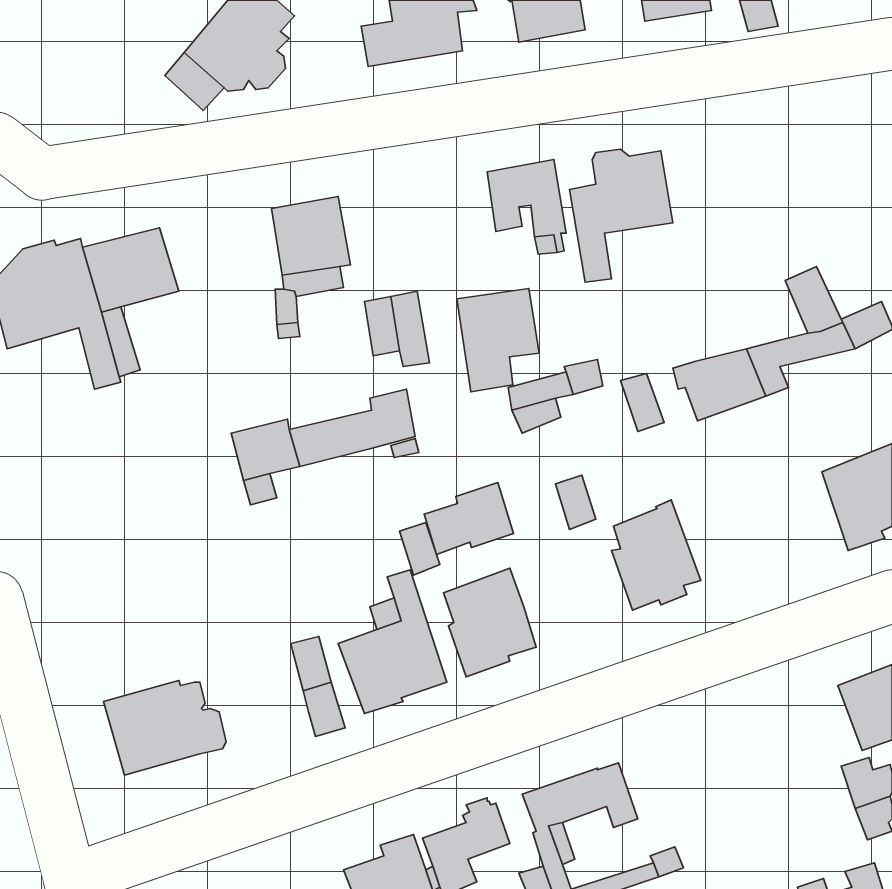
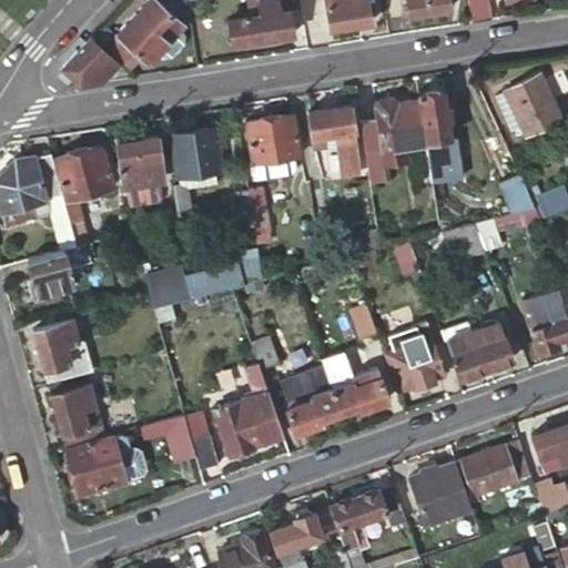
building: none -> [60,41,118,90]
building: none -> [494,75,560,136]
building: none -> [418,91,465,185]
building: none -> [118,139,165,210]
building: [457,288,539,392] -> [246,115,298,181]
building: none -> [27,244,91,297]
building: [424,483,514,554] -> [332,368,388,414]
building: none -> [33,321,92,385]
building: none -> [444,321,513,377]
building: none -> [51,385,105,448]
building: none -> [143,416,195,460]
building: none -> [462,443,529,497]
building: none -> [408,465,470,527]

